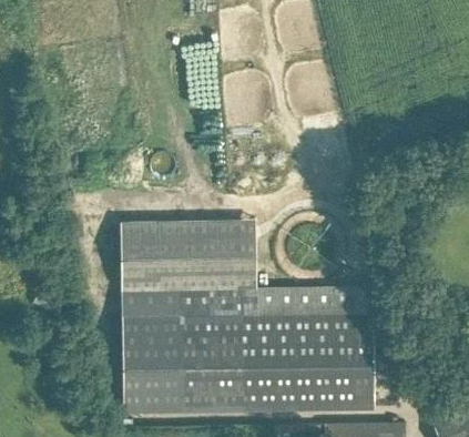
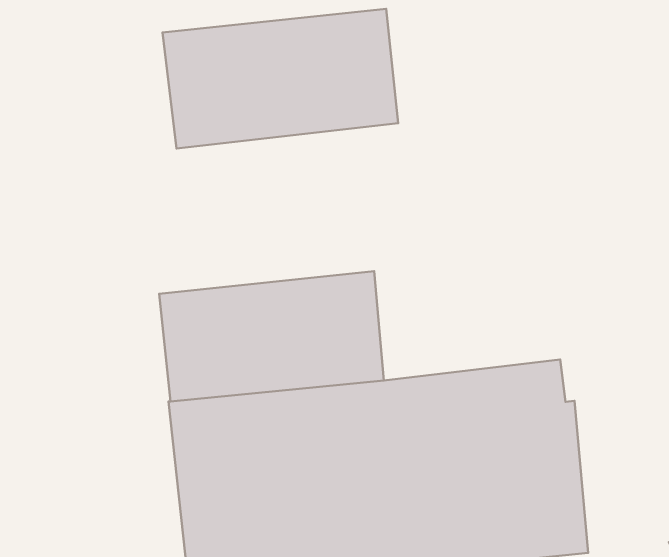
building: none -> [162,9,398,148]

